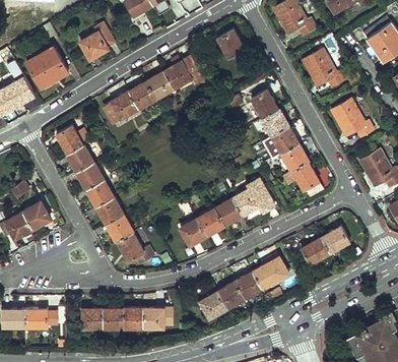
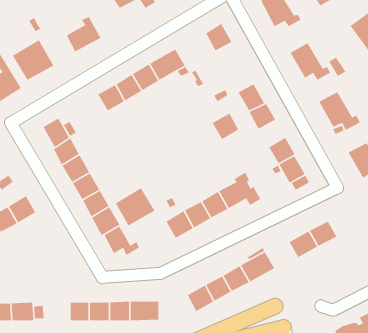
building: [271,127,298,155] -> [212,113,239,140]
building: none -> [115,187,155,227]

